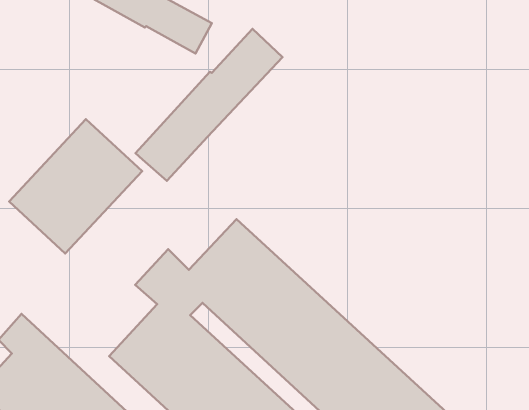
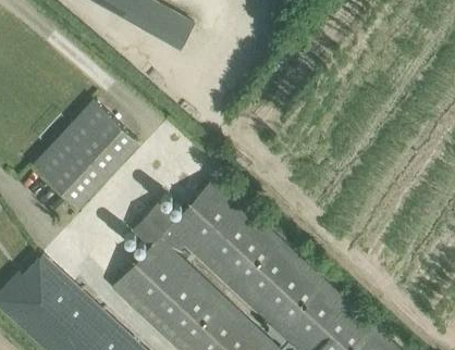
building: [135,29,283,181] -> none

